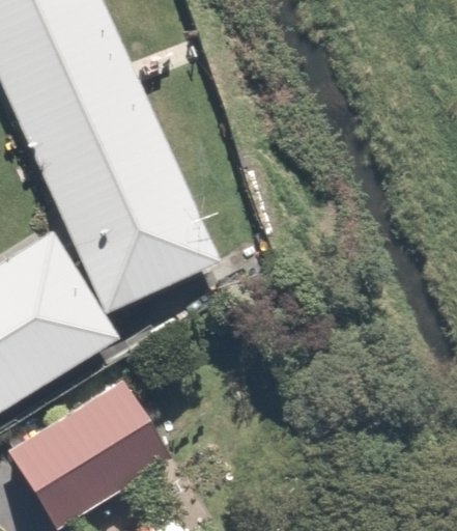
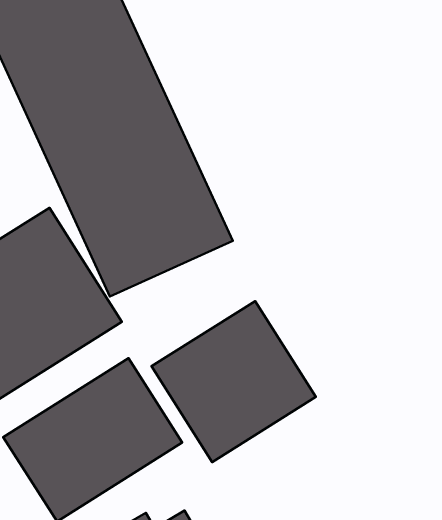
building: none -> [152,301,316,462]

